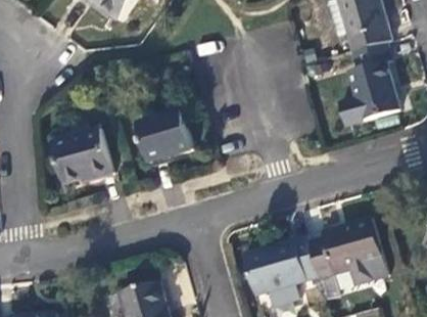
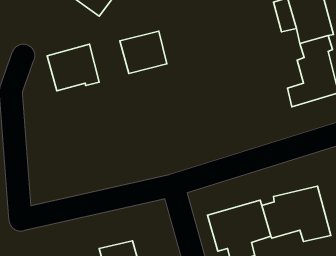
building: [137,112,191,162] -> [120,31,167,73]
building: [51,128,111,182] -> [47,44,99,91]

